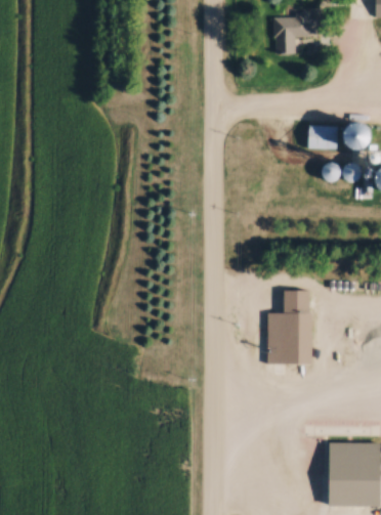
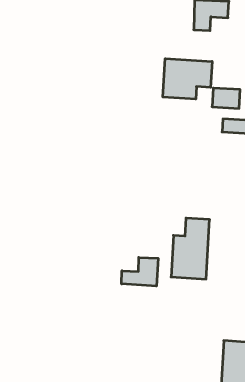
building: none -> [163,59,212,99]
building: none -> [122,257,158,286]

